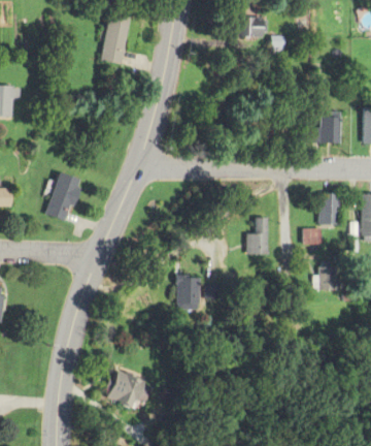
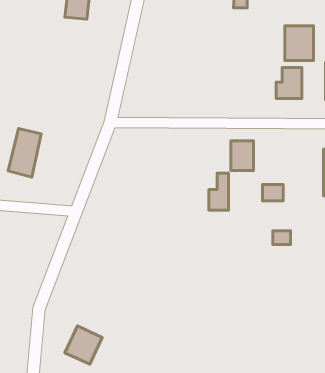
building: none -> [285,26,314,60]
building: [316,193,339,223] -> [231,141,254,171]
building: [175,275,199,310] -> none

